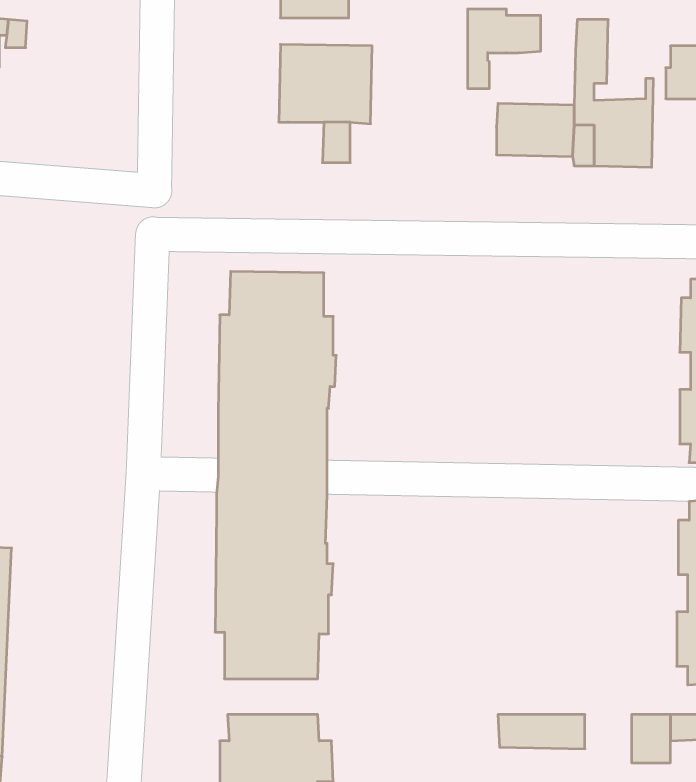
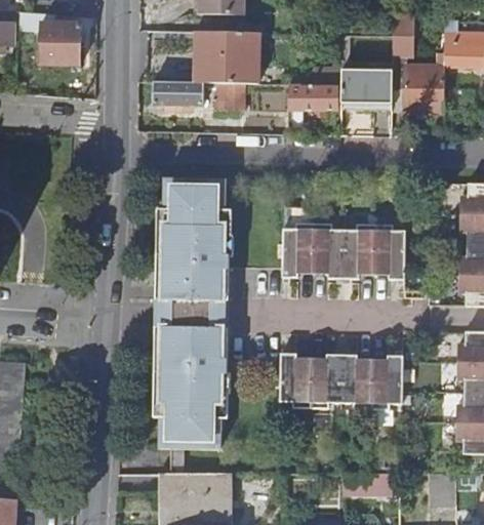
building: [468,9,541,88] -> [288,82,336,134]
building: none -> [39,24,78,65]
building: none -> [152,80,202,105]
building: none -> [284,224,407,280]
building: none -> [283,354,405,410]

